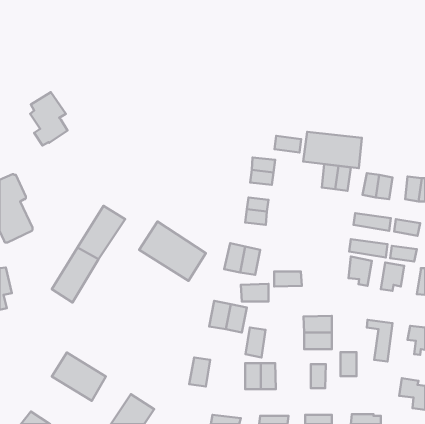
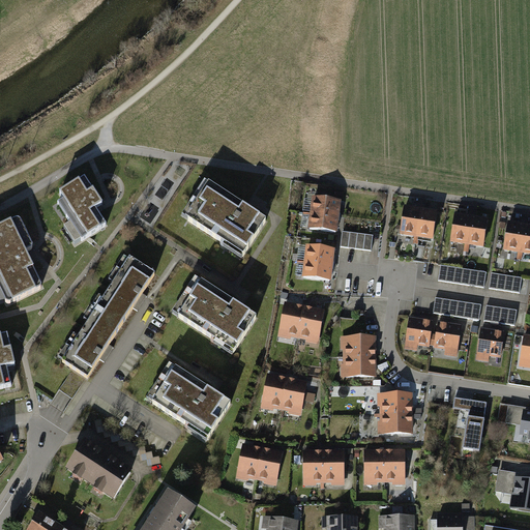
building: [30,92,68,145] -> [58,175,105,241]
building: [303,132,362,168] -> none
building: [275,136,301,152] -> [341,230,374,251]
building: none -> [187,179,268,251]
building: none -> [403,315,433,349]
building: [241,284,268,301] -> [341,355,375,377]
building: none -> [148,362,230,435]
building: [246,327,266,357] -> [256,447,281,484]
building: [341,352,356,376] -> [366,452,386,482]

